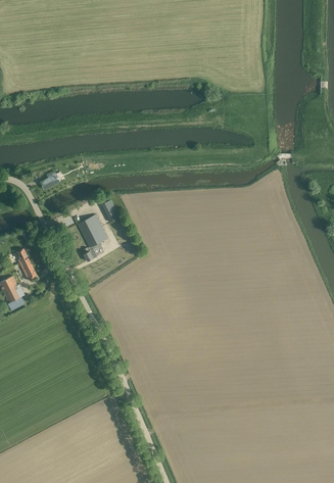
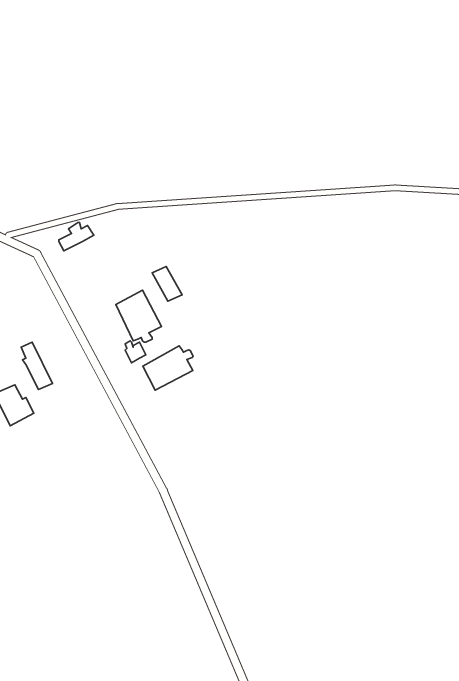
building: none -> [143,346,193,390]

